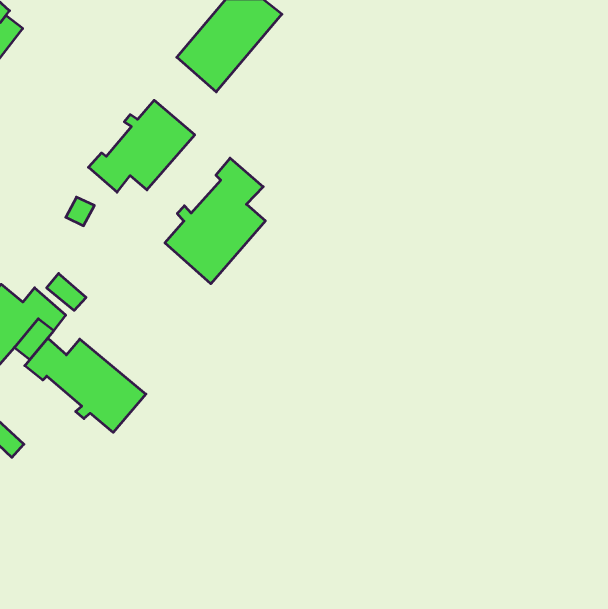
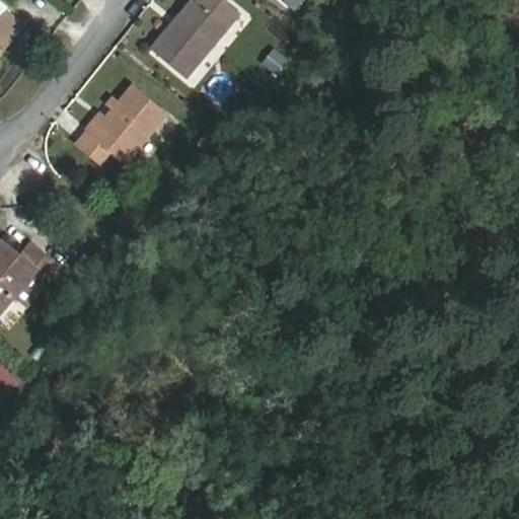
building: [165,158,265,284] -> none
building: [25,338,146,432] -> none

